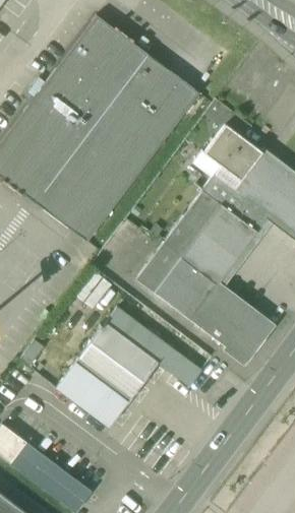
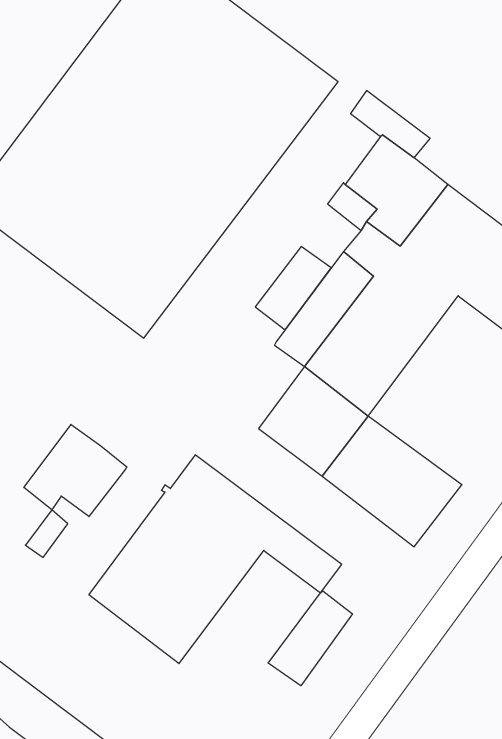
building: [136,244,180,292] -> [255,247,331,330]
building: none -> [24,424,127,517]
building: none -> [268,591,353,686]

